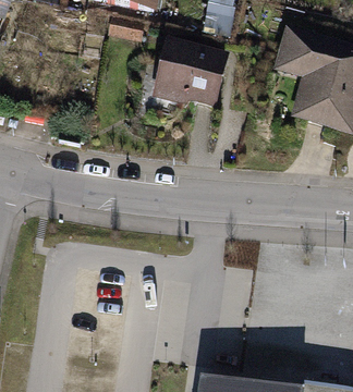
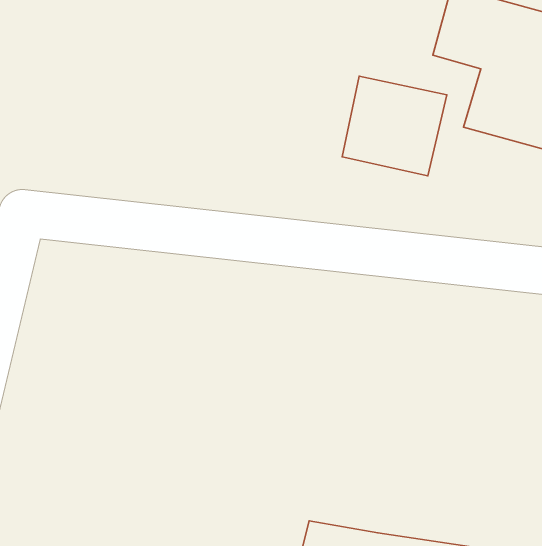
building: [157,40,223,103] -> [342,76,447,176]

